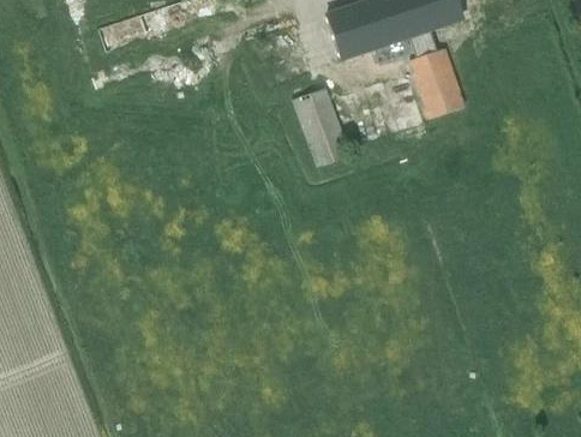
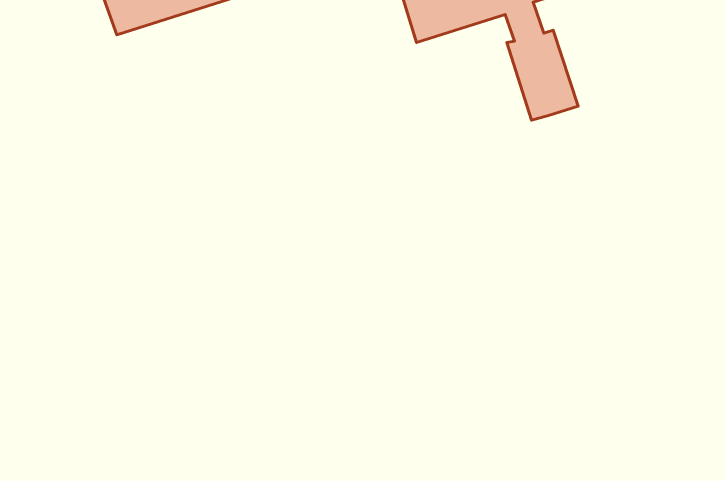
building: [292,86,351,167] -> none

